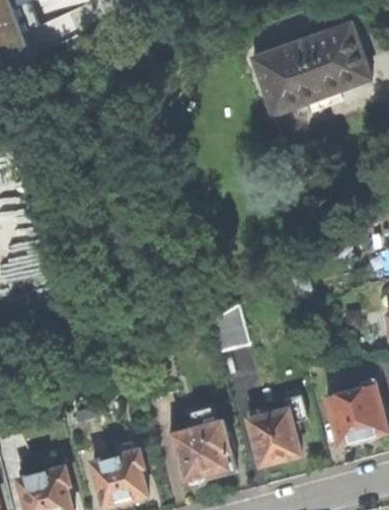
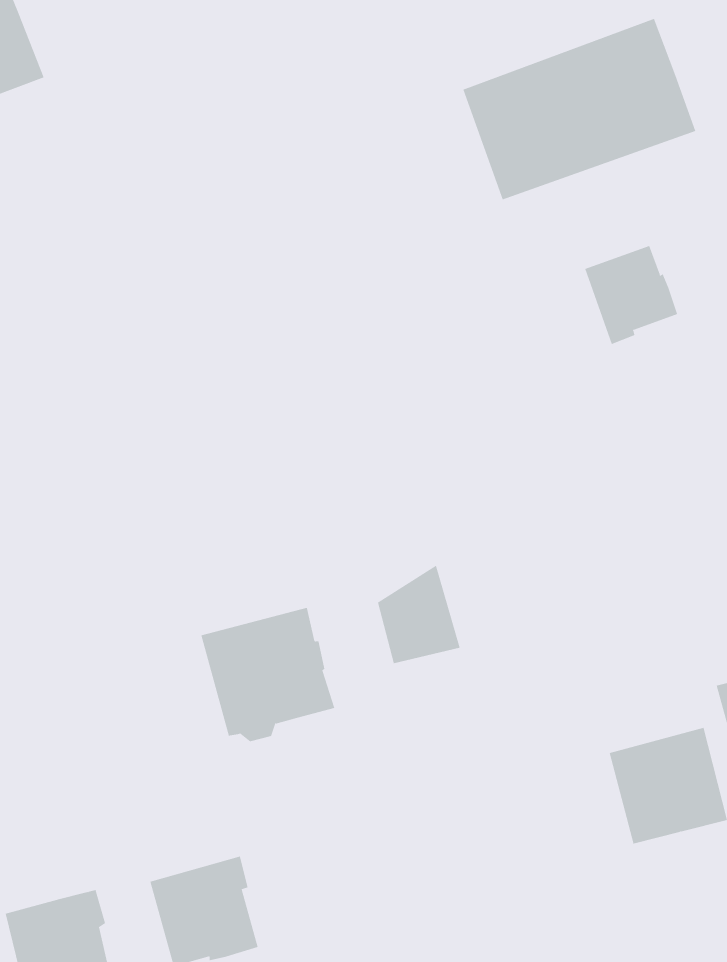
building: none -> [584,245,678,345]
building: [245,392,308,465] -> none
building: [167,419,236,488] -> [200,607,335,742]

